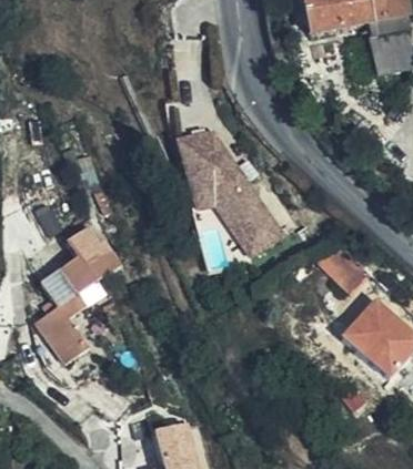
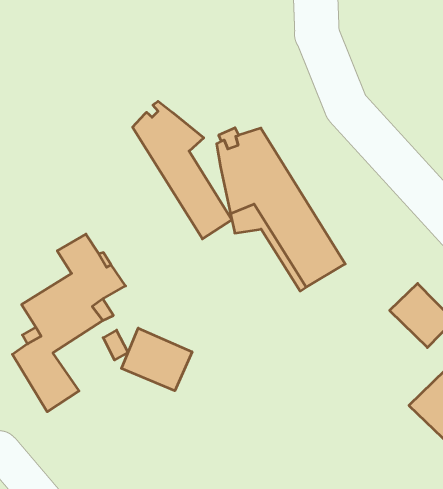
building: none -> [133,101,232,239]
building: none -> [121,328,192,391]

